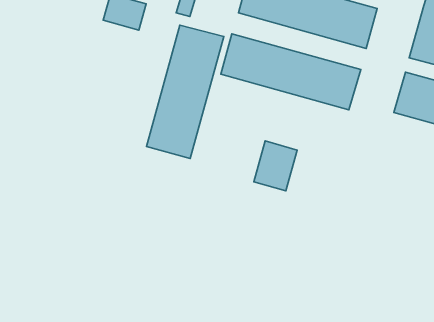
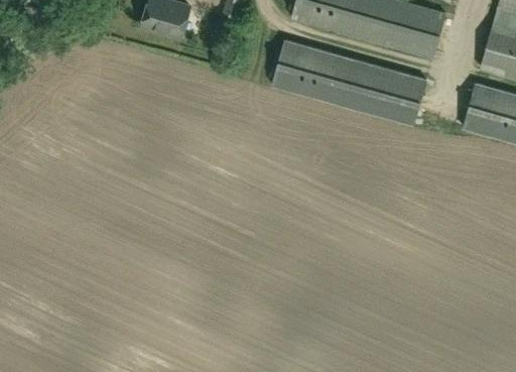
building: [147,25,224,159] -> none
building: [254,141,297,191] -> none

